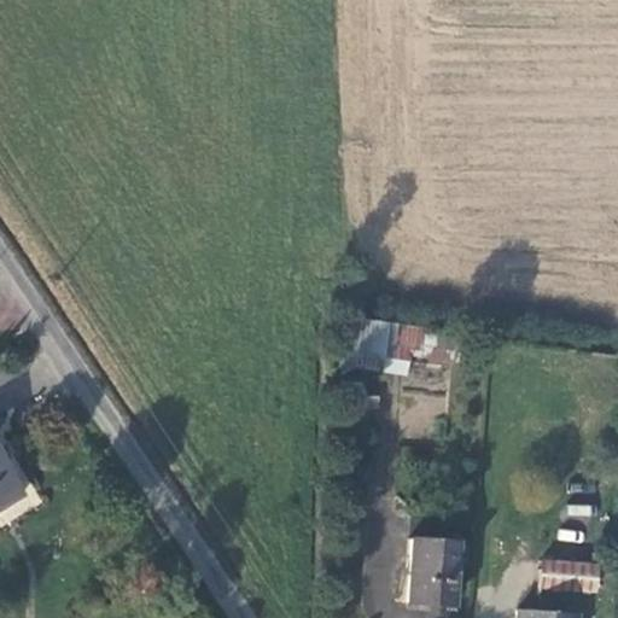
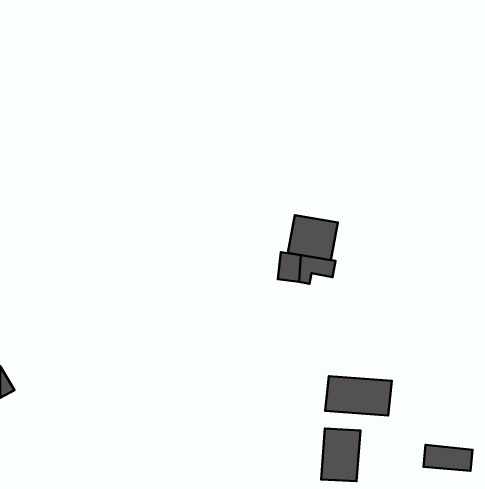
building: none -> [288,215,338,260]
building: none -> [325,376,392,415]

